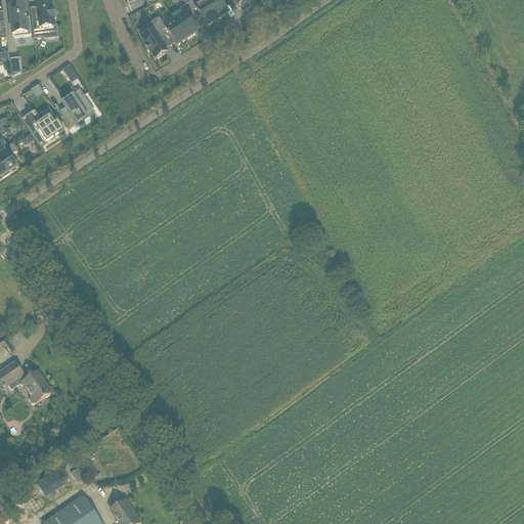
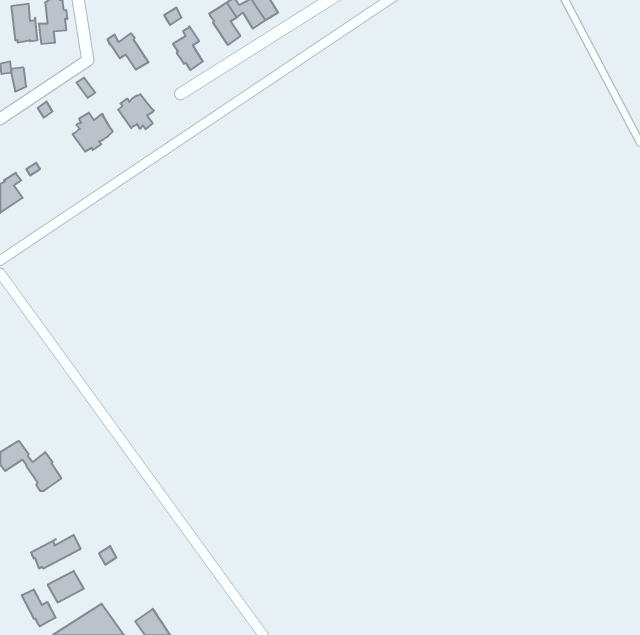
building: [152,13,186,43] -> [107,33,149,70]
building: none -> [118,94,154,129]
building: [21,111,59,144] -> none
building: none -> [31,535,80,569]
building: none -> [22,589,56,626]

